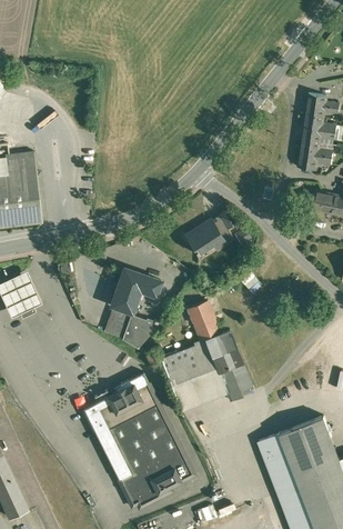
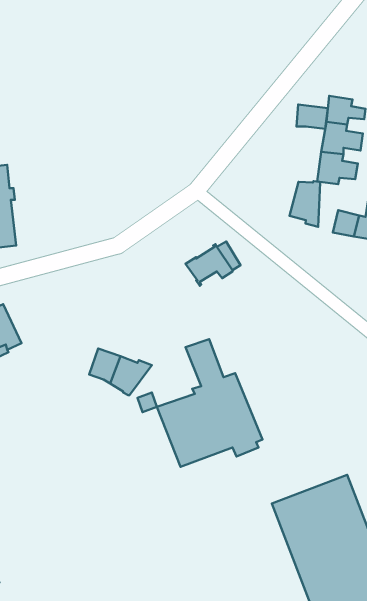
building: none -> [296,104,328,129]
building: none -> [290,181,320,227]
building: [110,269,159,312] -> none
building: [82,372,194,508] -> none

